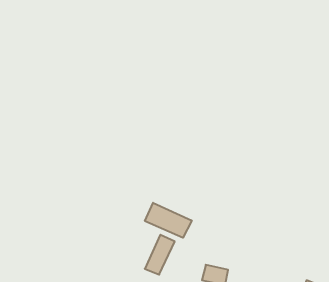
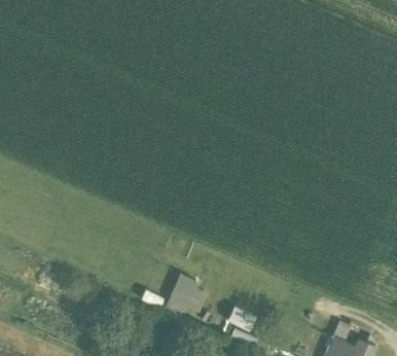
building: [145,203,192,238] -> none

